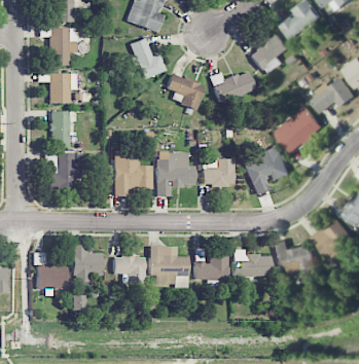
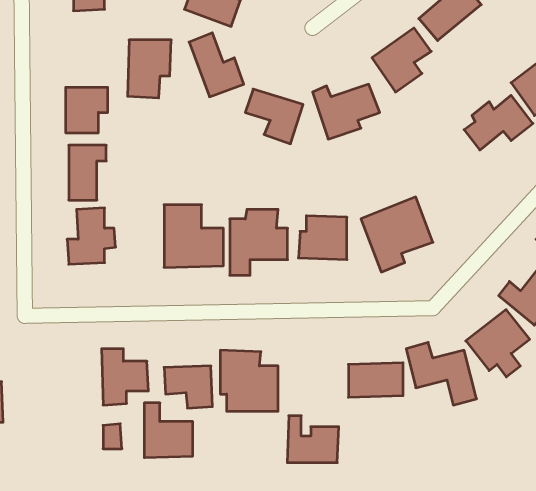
building: [48,28,77,66] -> [128,40,171,98]
building: [275,106,324,154] -> none
building: [193,249,227,280] -> [287,416,339,463]
building: [35,253,67,289] -> [144,403,193,458]

